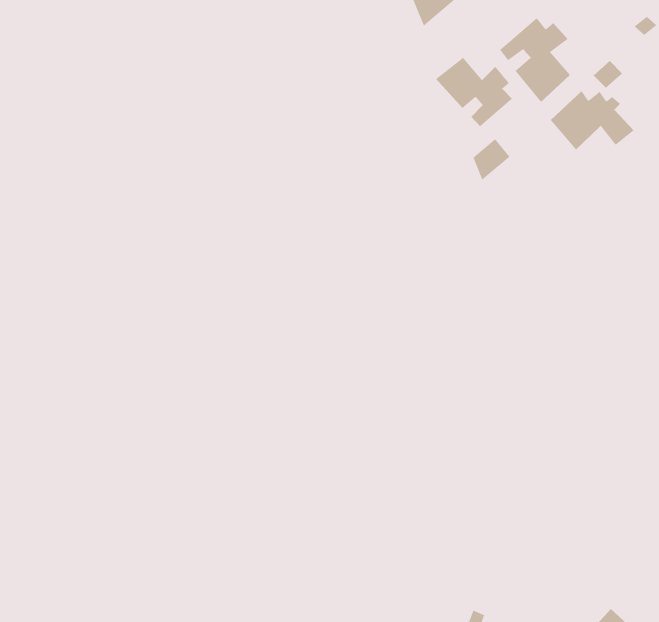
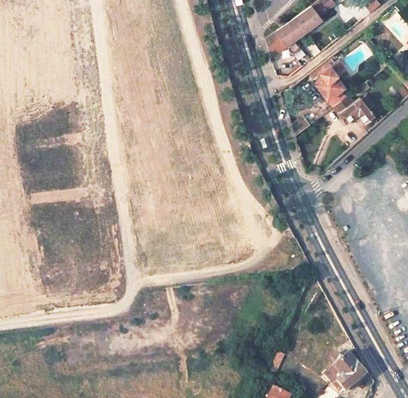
building: [435,57,513,127] -> none

